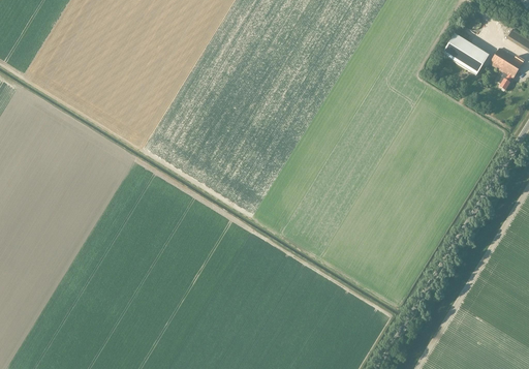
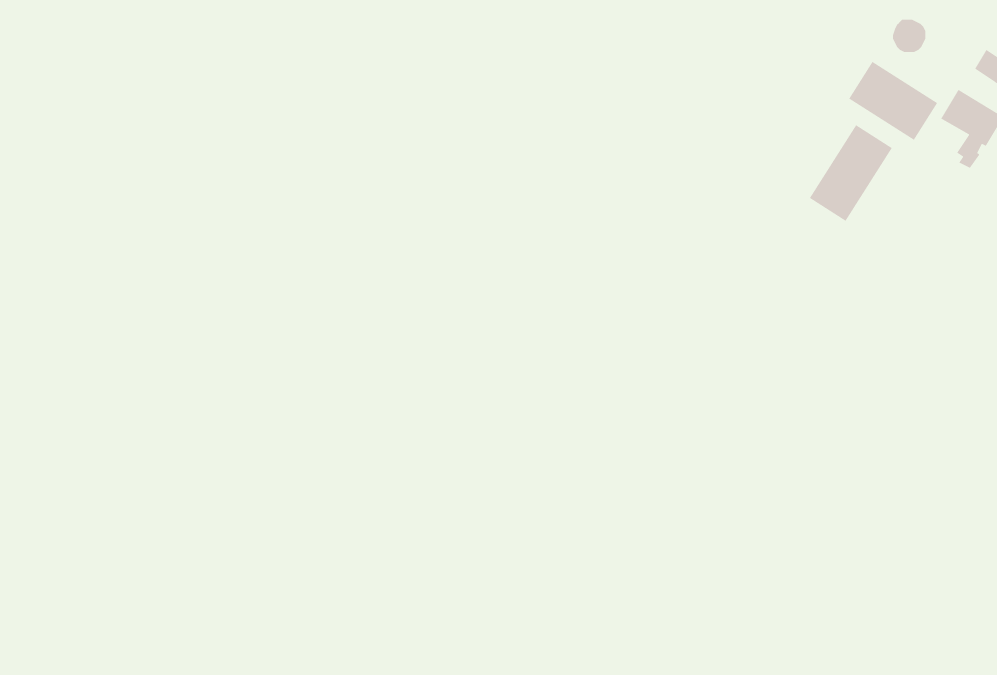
building: none -> [809,124,893,222]

